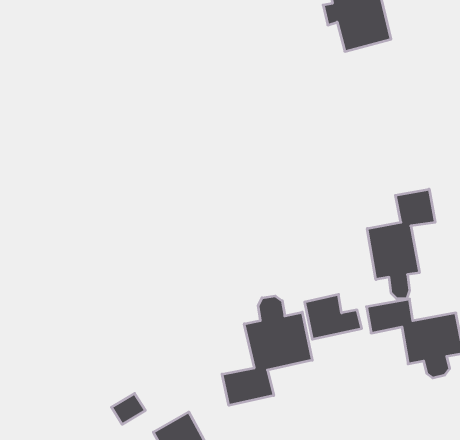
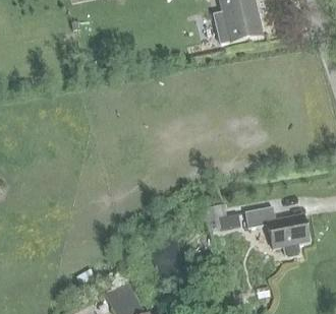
building: [367,189,435,299] -> none
building: [222,296,312,405] -> none

